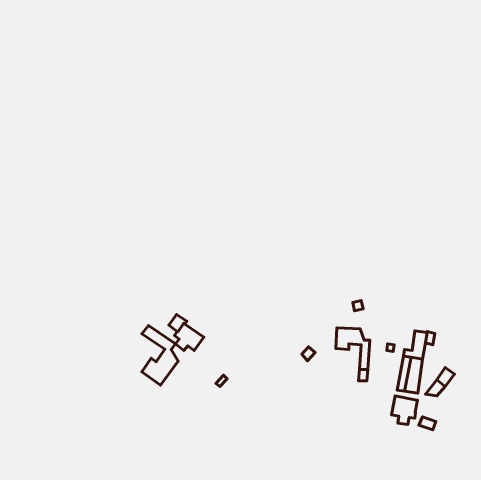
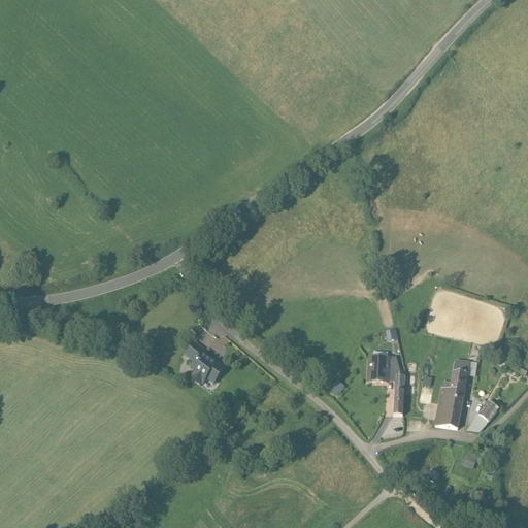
building: [142,326,178,385] -> none
building: [391,396,418,425] -> none

